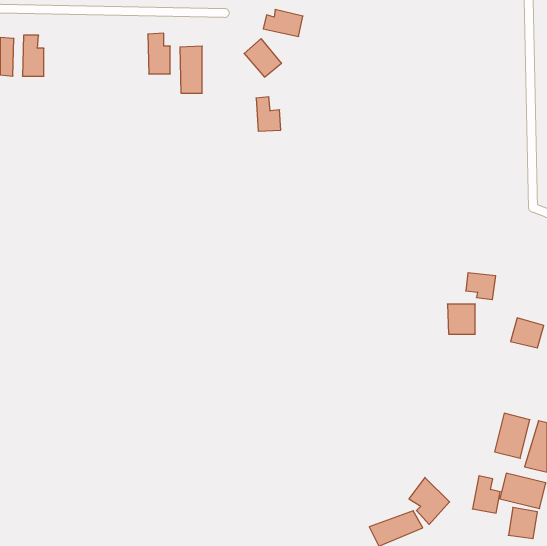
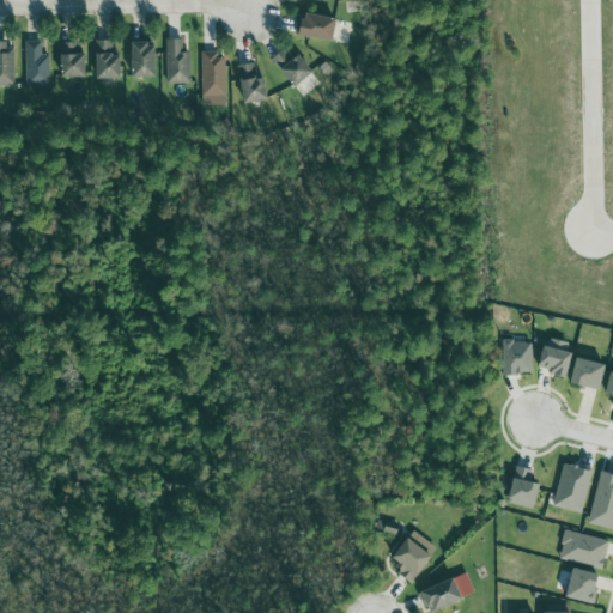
building: none -> [96,38,122,78]
building: none -> [61,41,87,75]
building: none -> [132,42,157,75]
building: [256,97,281,131] -> [241,62,268,101]
building: [466,273,496,300] -> [540,346,573,376]
building: [472,476,500,513] -> [510,465,541,506]
building: [409,477,450,524] -> [383,528,429,581]

